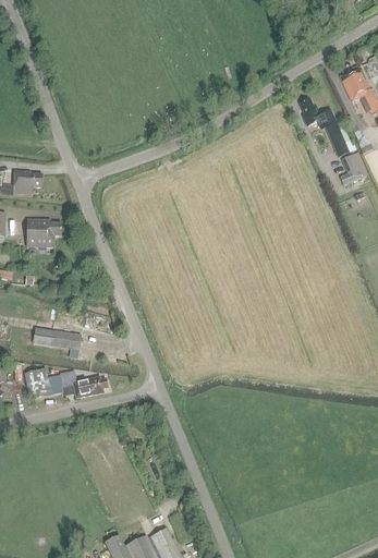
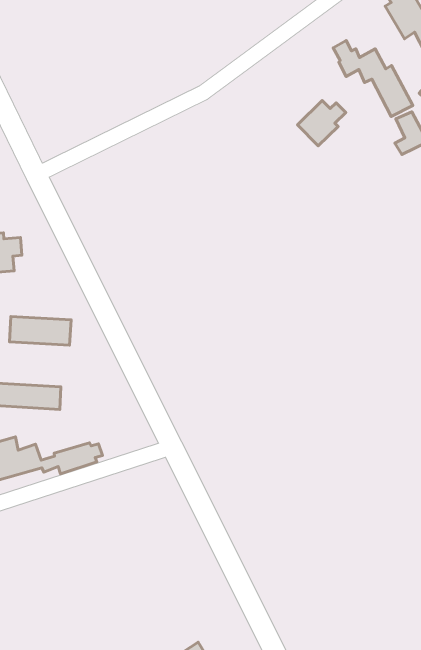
building: none -> [297,100,346,146]
building: none -> [9,316,71,345]

